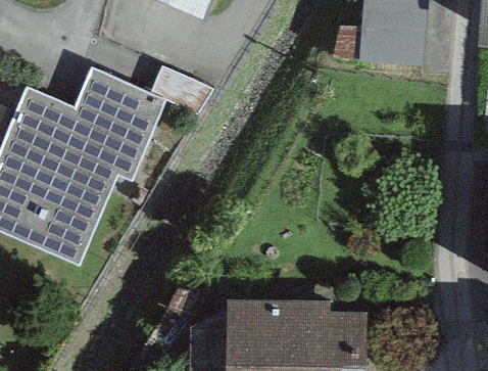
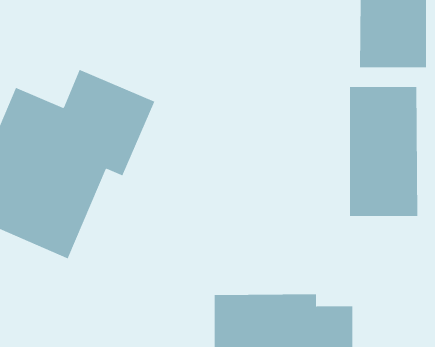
building: none -> [350,86,418,217]

